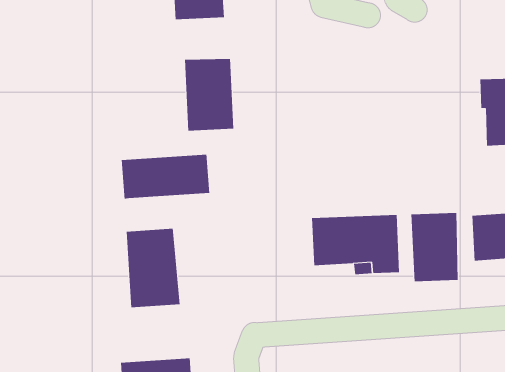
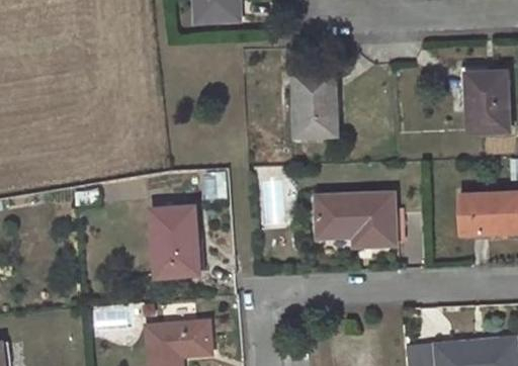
building: [184,58,234,131] -> [292,74,337,139]
building: [121,154,210,199] -> none
building: [411,212,458,282] -> none

